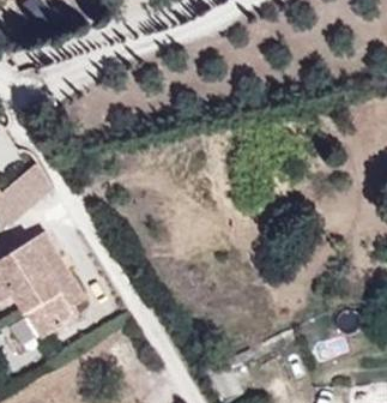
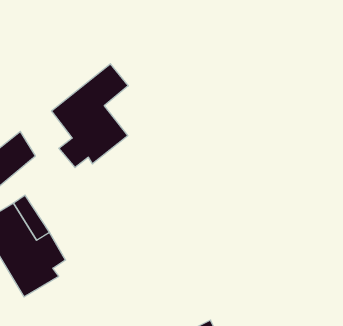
building: none -> [52,64,128,168]

